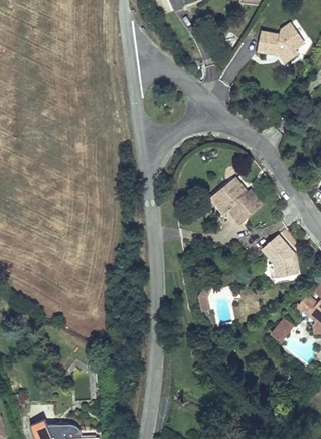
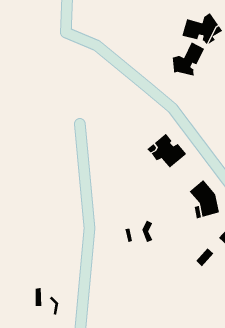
building: none -> [172,42,205,77]

